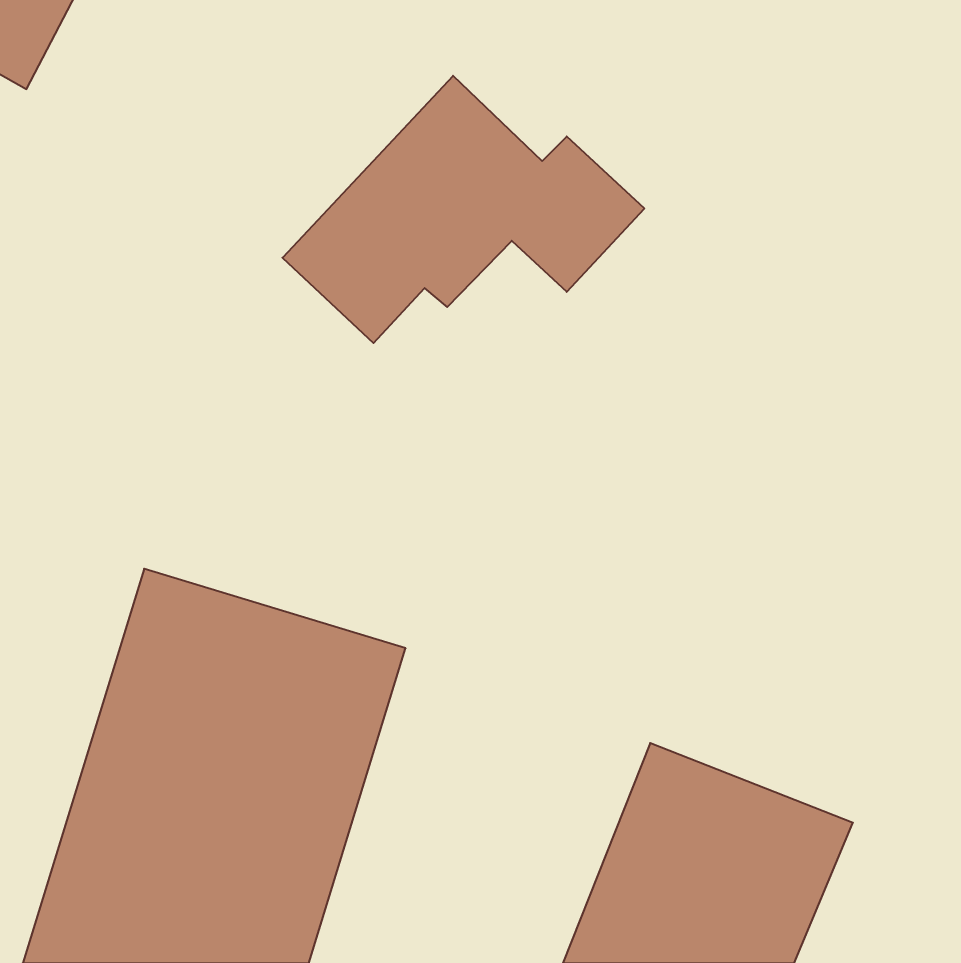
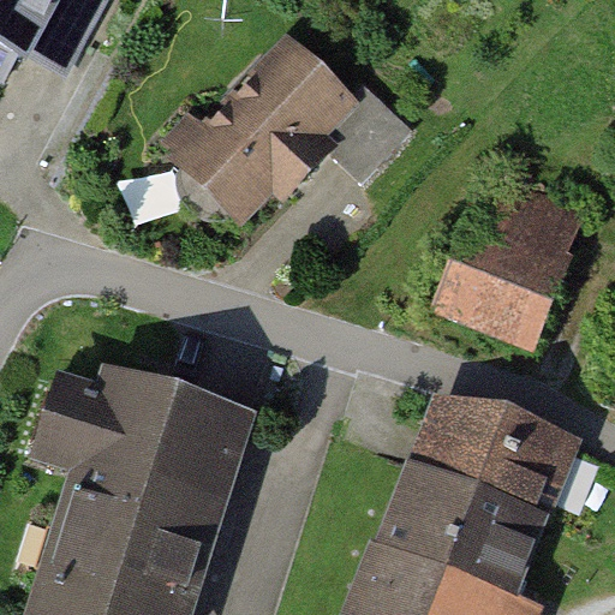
building: none -> [441,231,556,344]
building: none -> [412,408,567,521]

